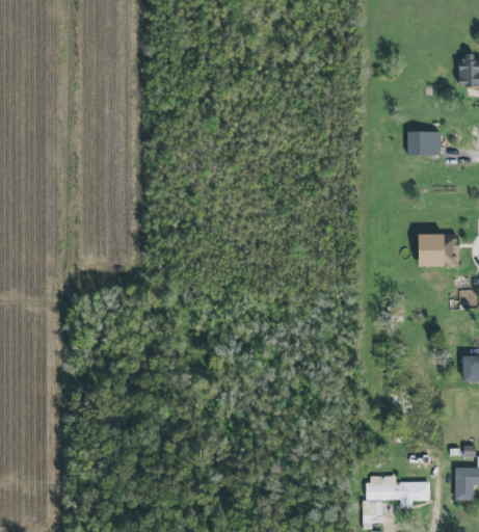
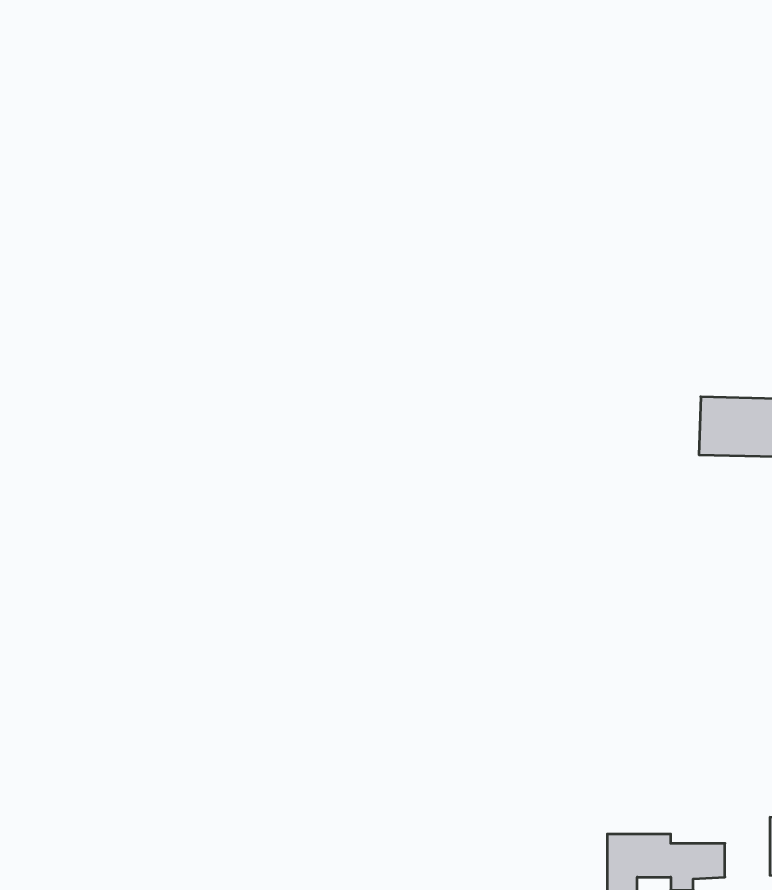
building: [407,131,442,155] -> none

